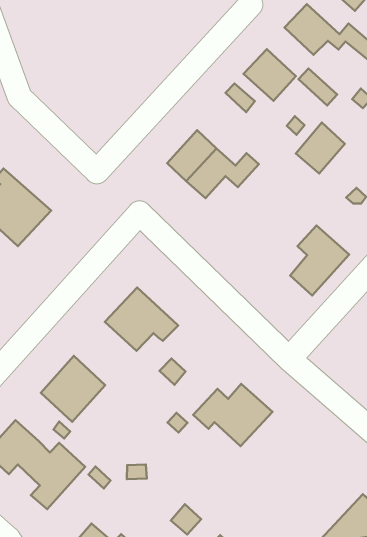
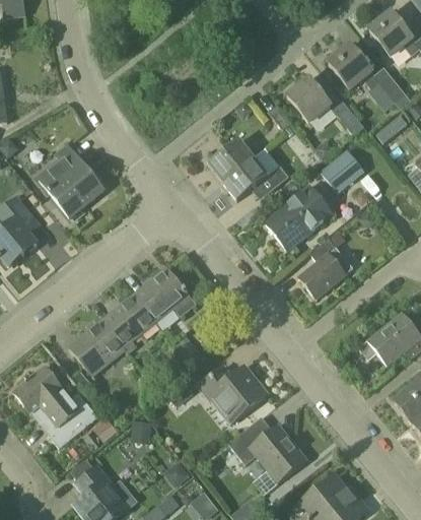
building: none -> [266,187,333,250]
building: none -> [101,292,156,347]
building: none -> [228,424,305,483]

